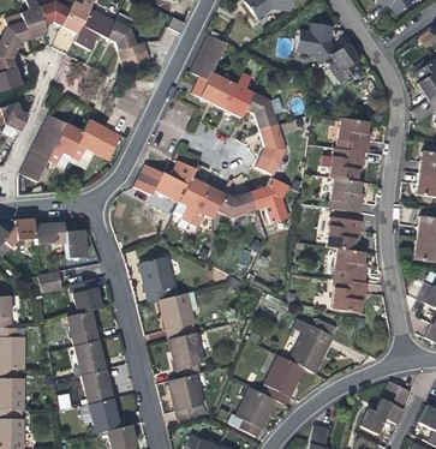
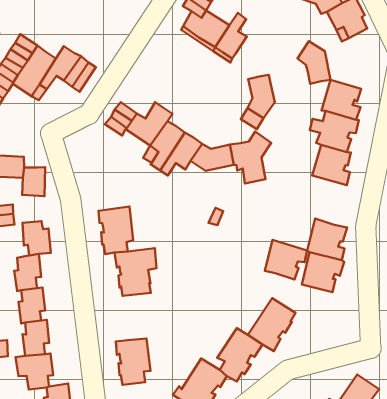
building: [246,90,279,128] -> [297,41,331,84]
building: [327,217,363,251] -> [265,240,307,280]
building: [169,333,204,378] -> none

